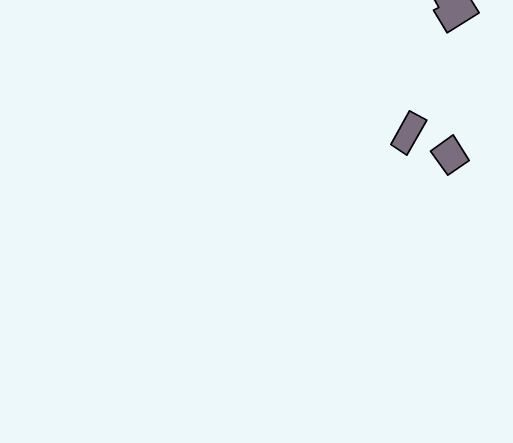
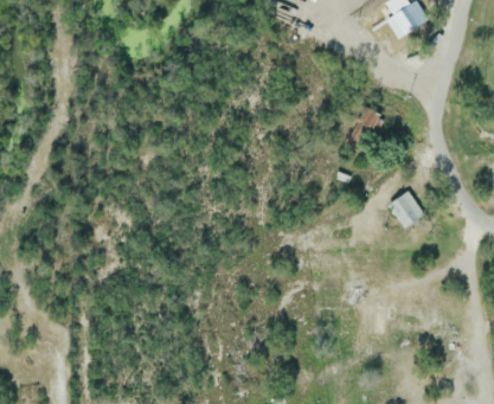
building: [430,135,469,175] -> [390,190,424,225]

